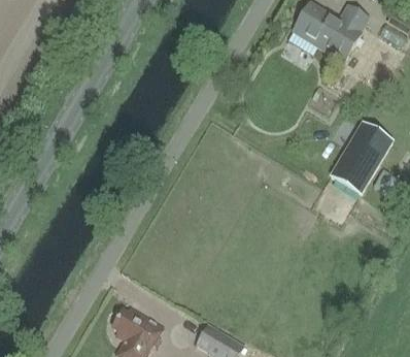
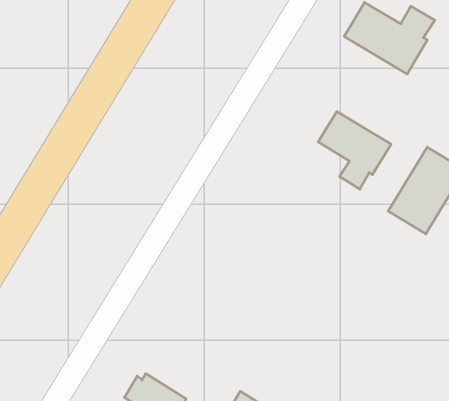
building: none -> [318,112,391,189]

